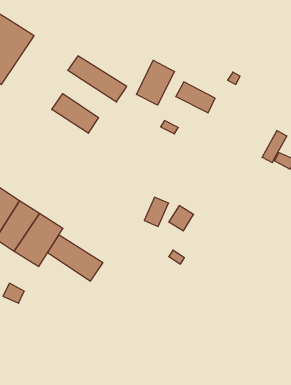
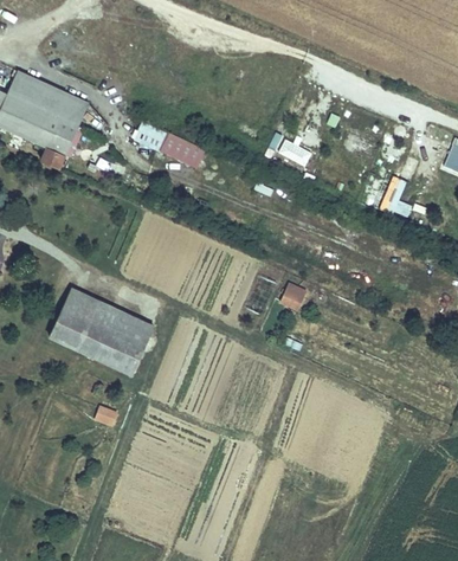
building: [136,60,175,105] -> none
building: [52,94,98,133] -> none
building: [47,235,103,281] -> none

